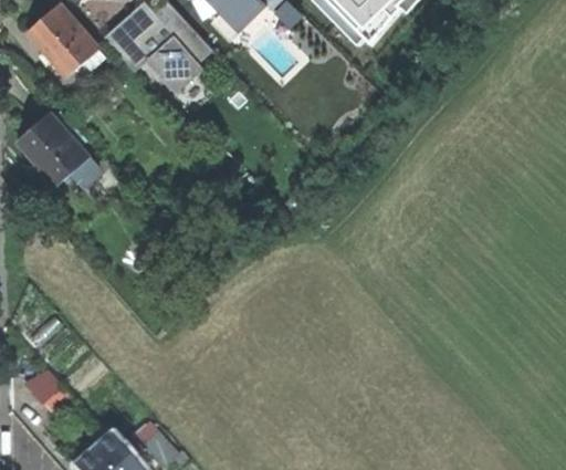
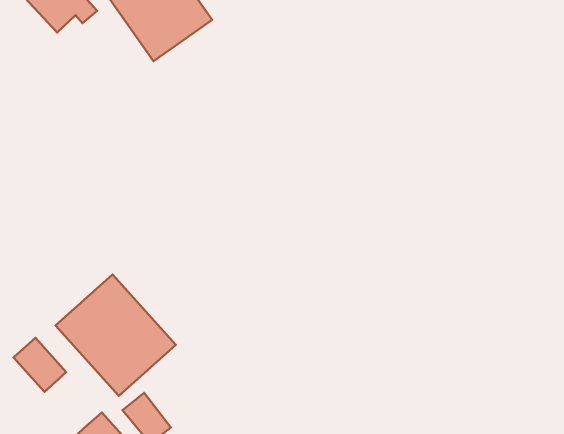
building: [19,114,97,186] -> none
building: none -> [56,275,176,396]

